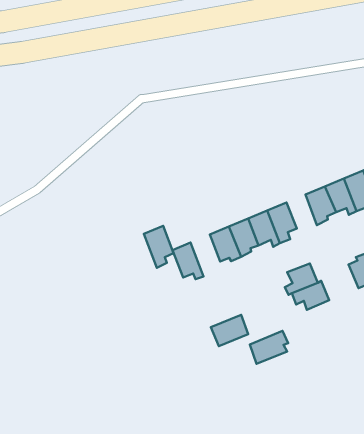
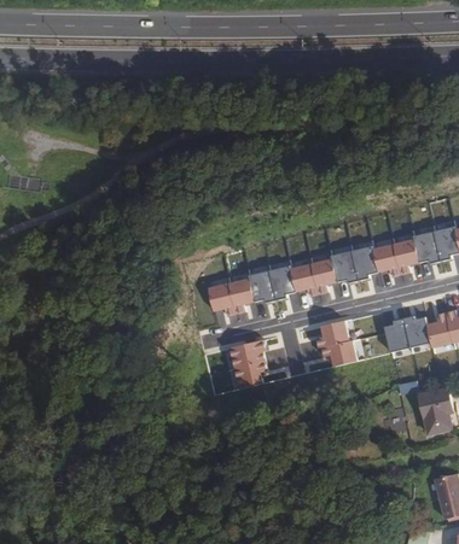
building: none -> [331,248,359,283]
building: [144,226,174,268] -> [228,273,255,314]
building: [250,331,288,364] -> [231,337,269,365]

